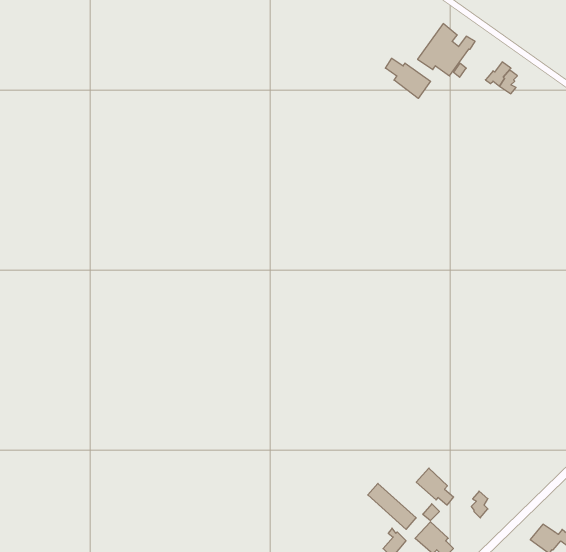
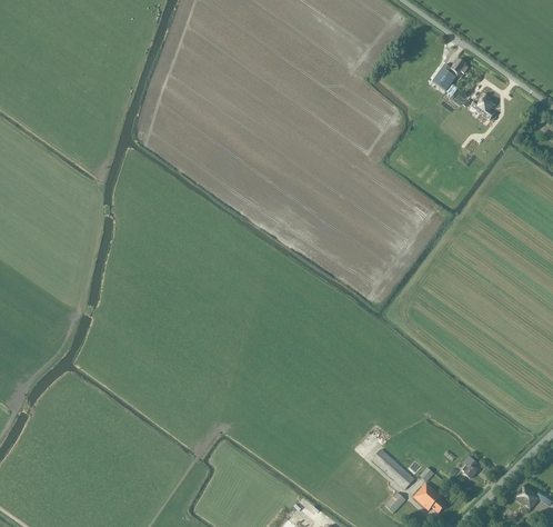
building: [385,58,431,98] -> none
building: [416,468,454,505] -> none

